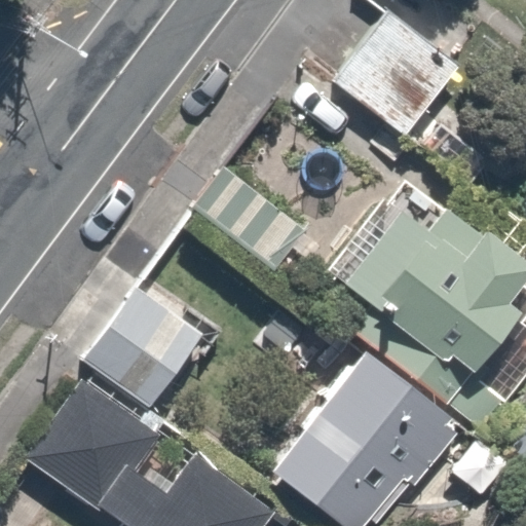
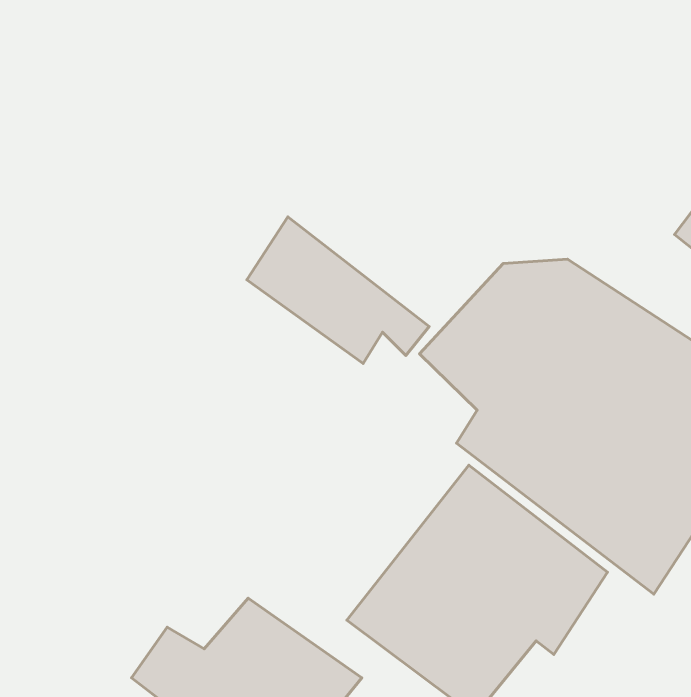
building: [335,13,460,138] -> none
building: [84,288,205,404] -> none
building: [31,378,163,511] -> none

